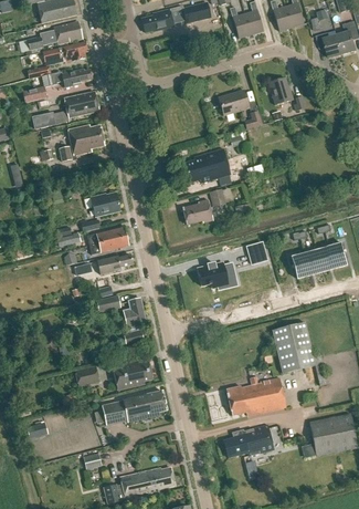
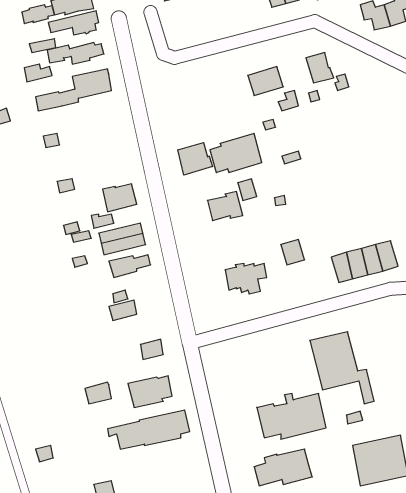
building: [59,125,105,162] -> none
building: none -> [178,143,213,175]
building: [123,298,146,328] -> none

